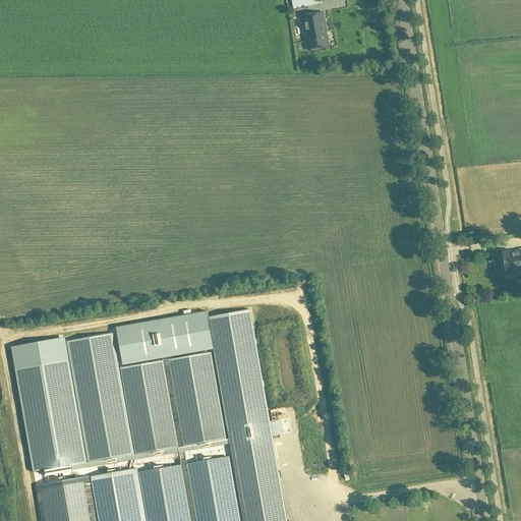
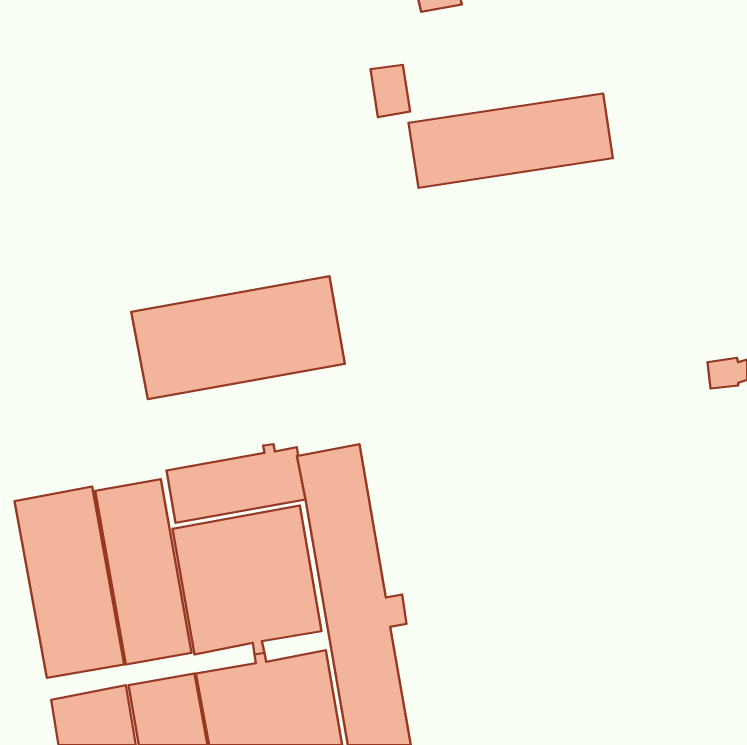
building: [301,12,329,49] -> [371,65,410,117]
building: none -> [409,94,613,188]
building: none -> [131,276,345,399]

